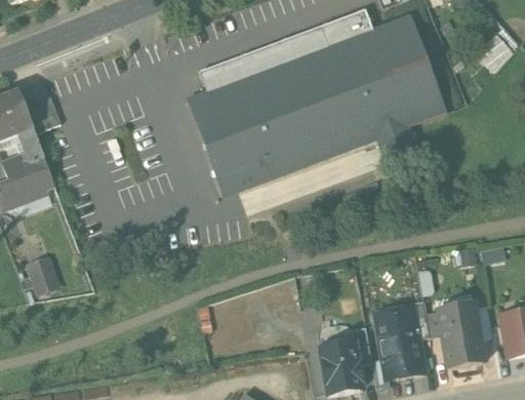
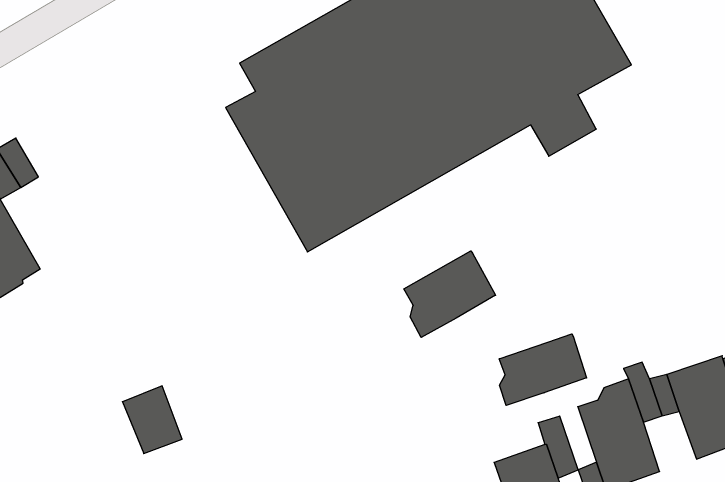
building: none -> [404,251,496,337]
building: [28,252,62,293] -> [122,386,182,454]
building: none -> [499,334,587,405]

